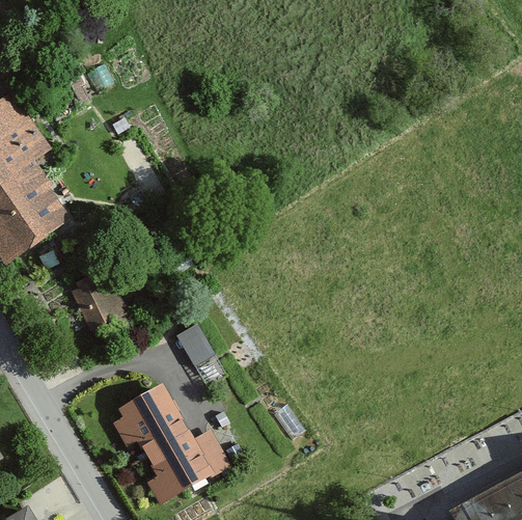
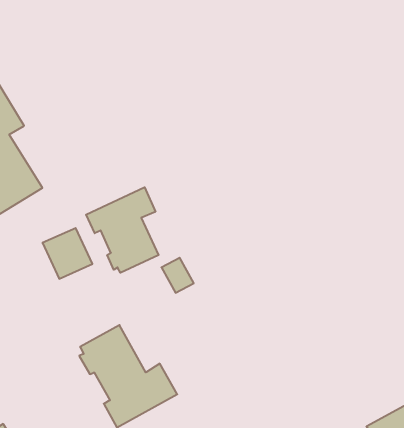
building: none -> [86,187,159,273]
building: [180,320,218,361] -> [161,258,194,293]

